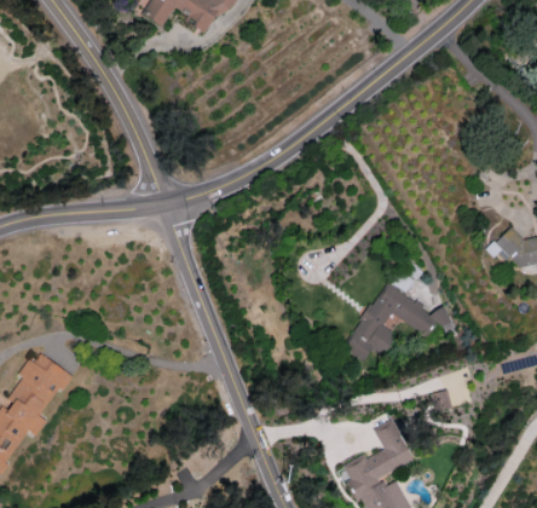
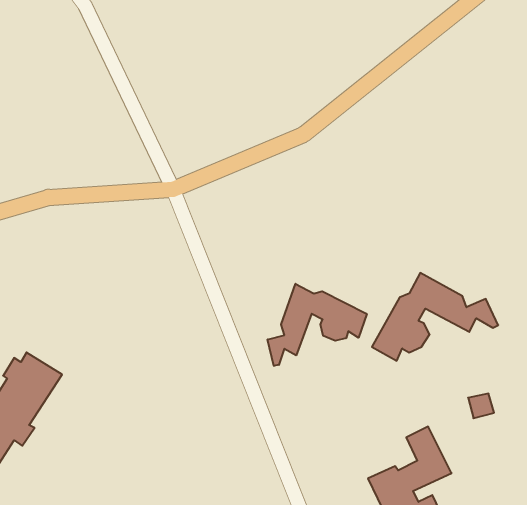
building: none -> [268,284,367,366]

